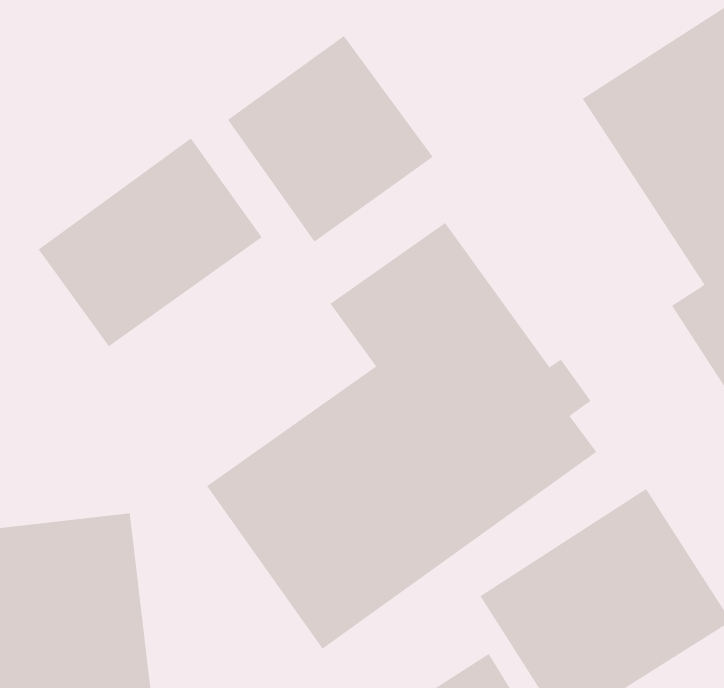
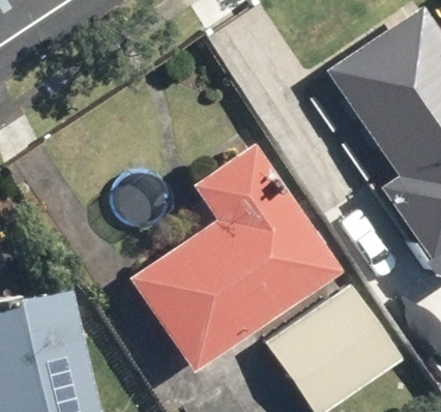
building: [227,35,433,242] -> none
building: [38,137,263,347] -> none

